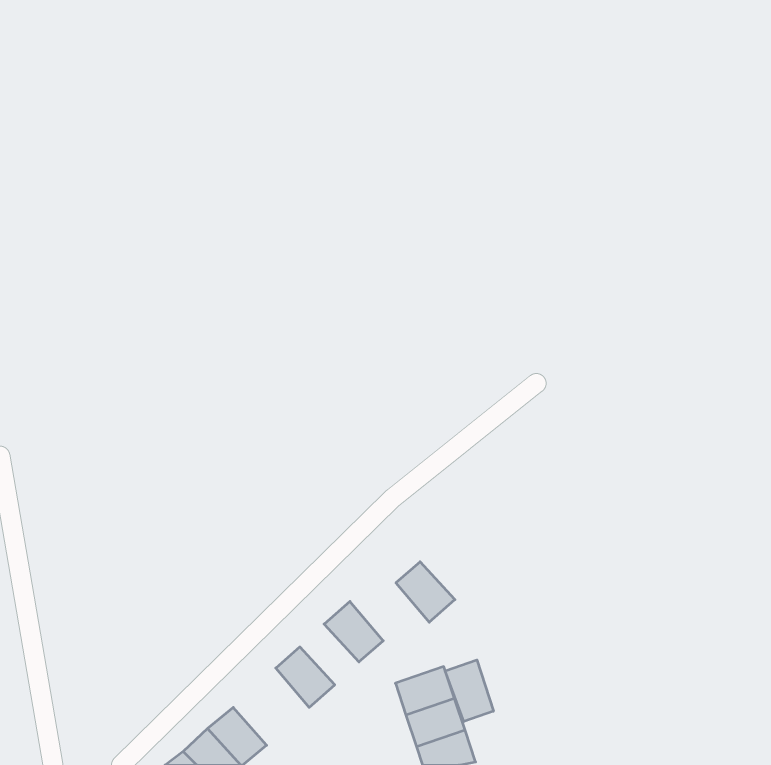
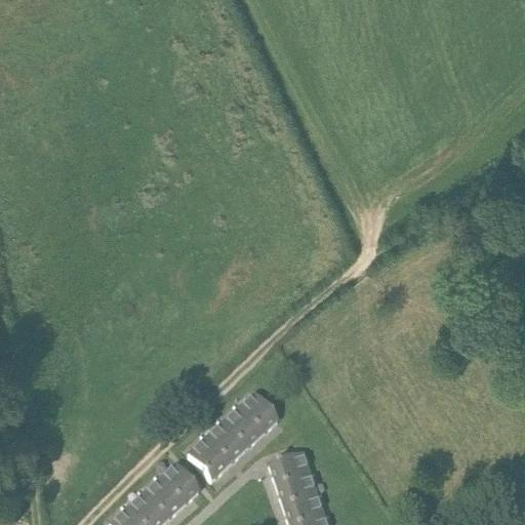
building: [396,562,455,622] -> [239,393,279,434]
building: none -> [205,422,245,463]
building: [445,660,493,722] -> none
building: none -> [160,463,200,504]

